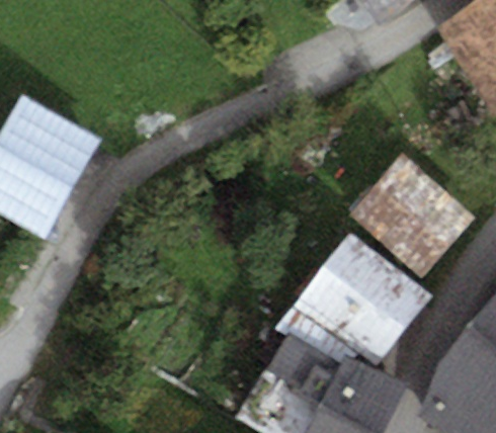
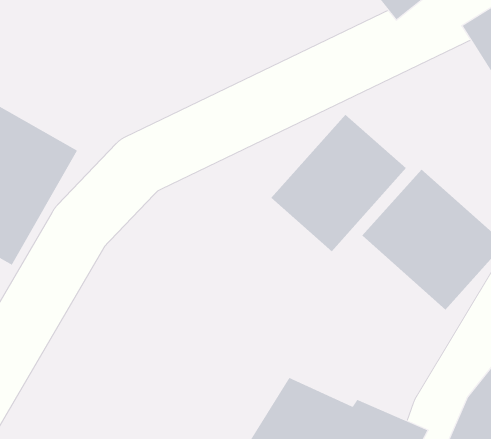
building: none -> [270,114,407,252]
building: [279,234,432,365] -> none

